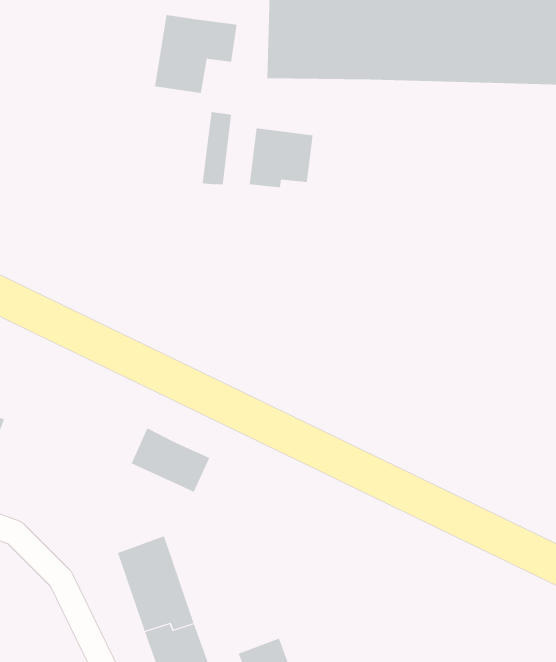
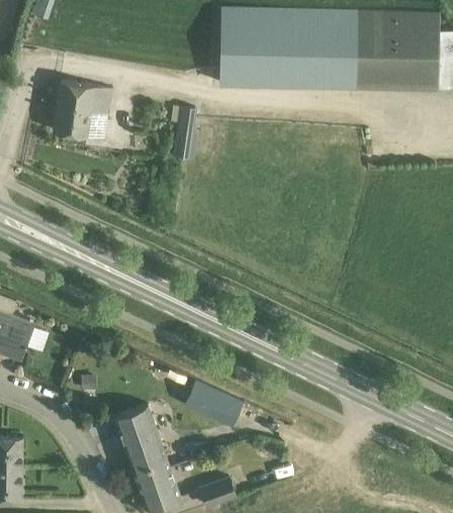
building: [154,15,238,94] -> [53,82,111,138]
building: [249,127,313,188] -> none
building: [131,428,210,492] -> [185,379,241,425]

